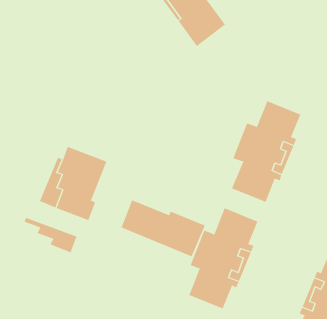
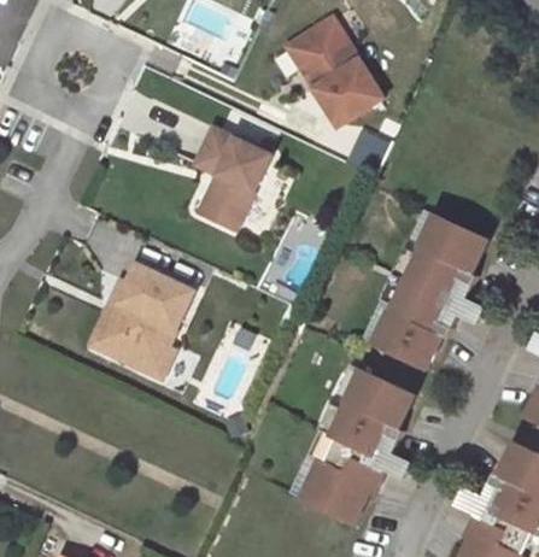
building: none -> [194,127,269,229]
building: [121,199,206,257] -> none
building: [24,217,77,253] -> none

